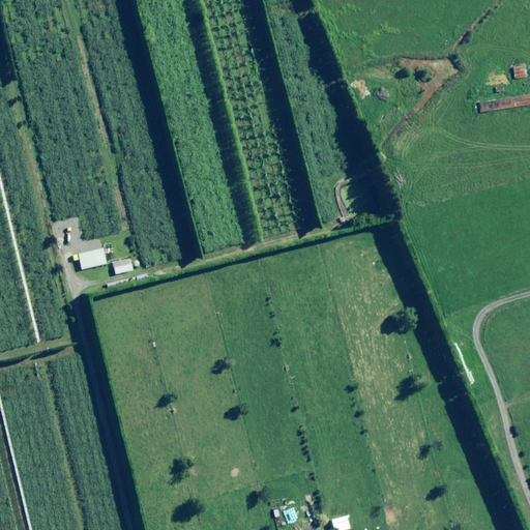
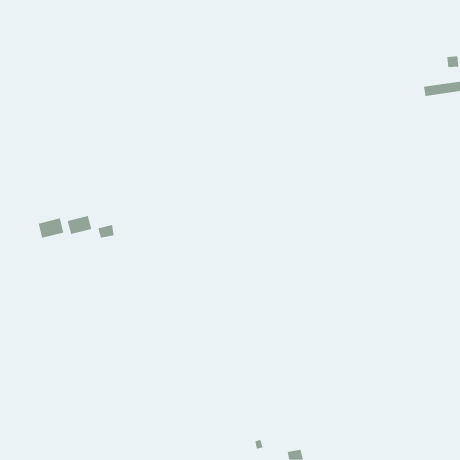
building: none -> [38,218,64,239]

